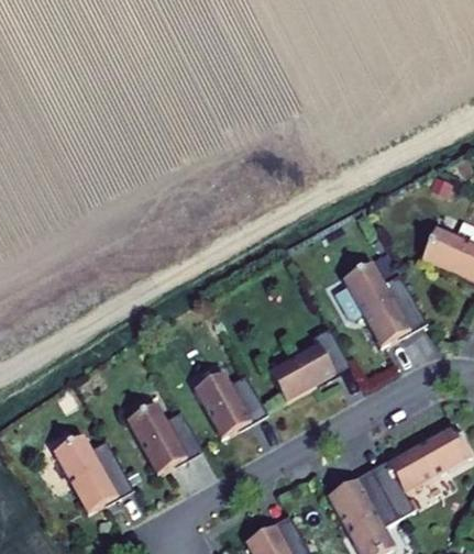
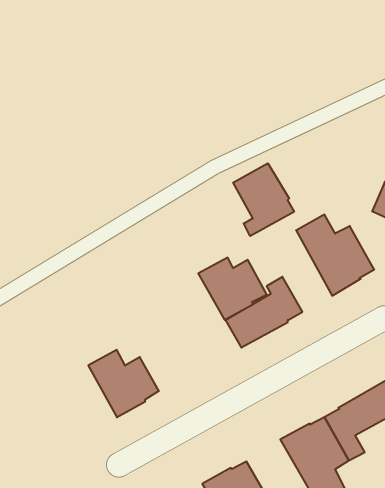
building: none -> [233,163,294,236]
building: [194,372,265,436] -> [198,258,267,320]
building: [53,434,131,511] -> none

